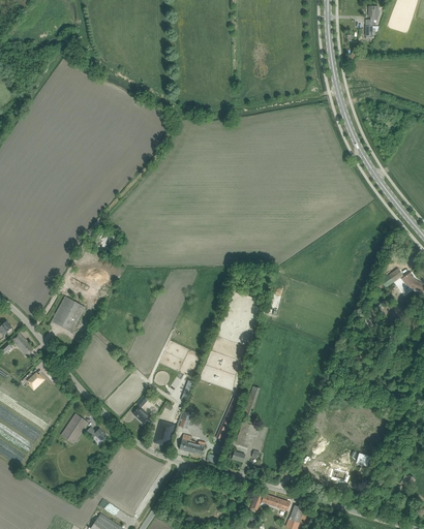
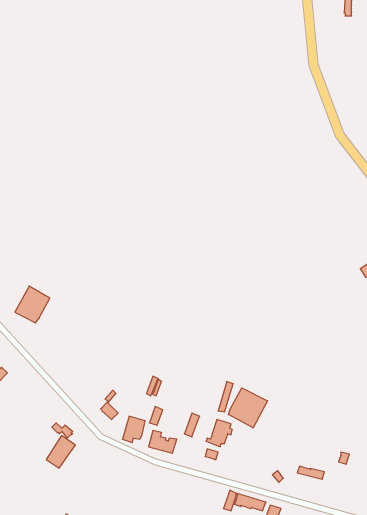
building: none -> [228,388,268,428]
building: [60,413,88,444] -> [46,436,75,468]

